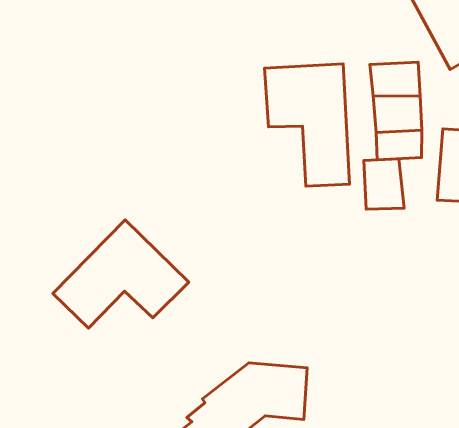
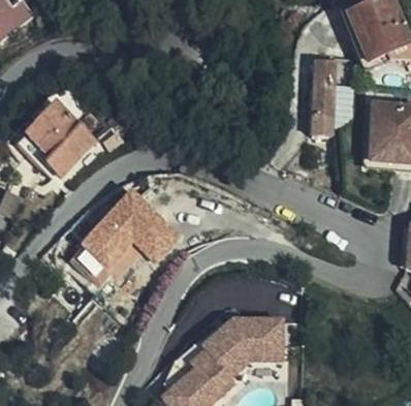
building: [265,64,350,186] -> none
building: none -> [26,102,99,177]
building: [364,159,404,209] -> none

